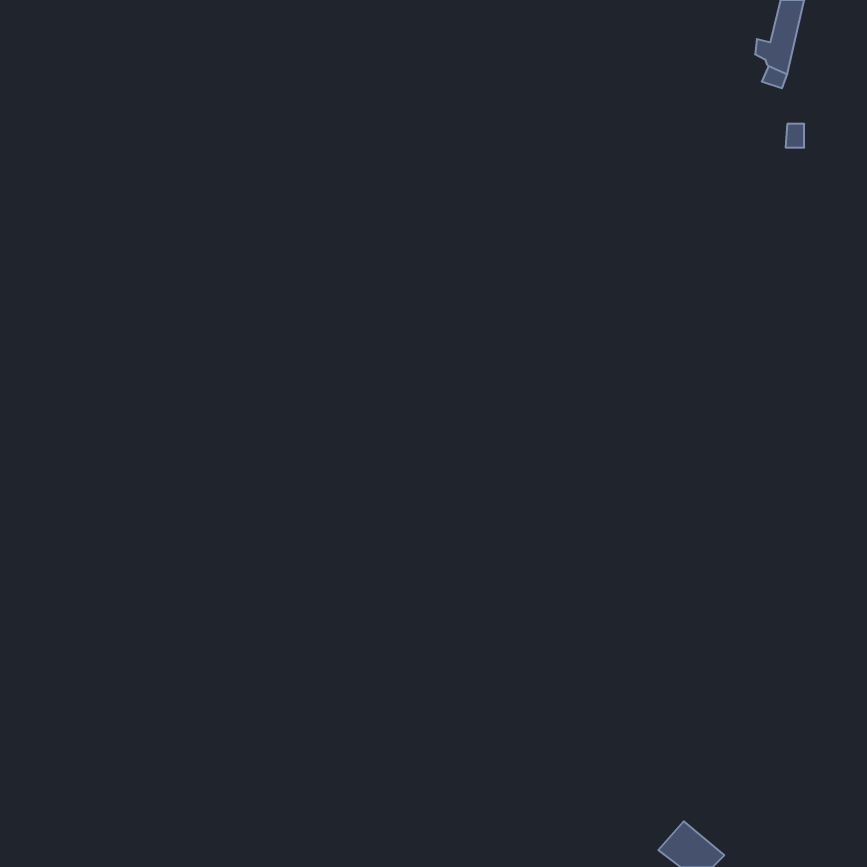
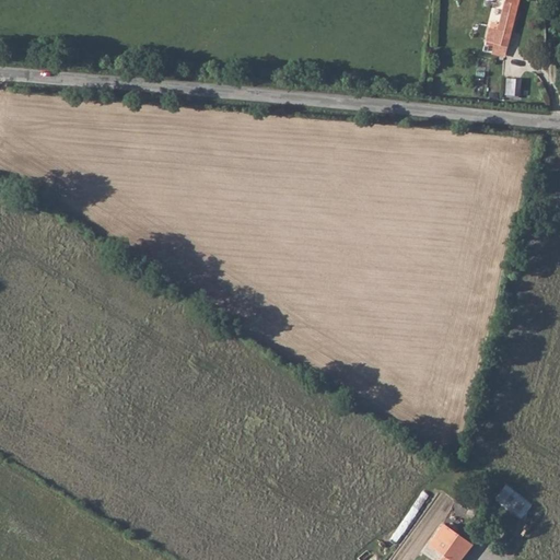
building: none -> [493,483,532,518]

